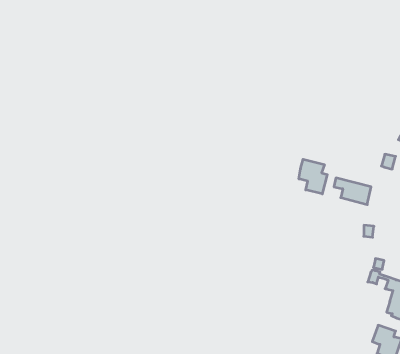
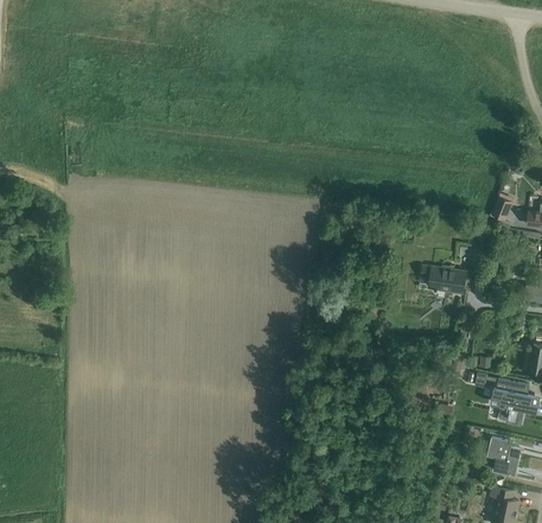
building: [299,159,327,194] -> none

